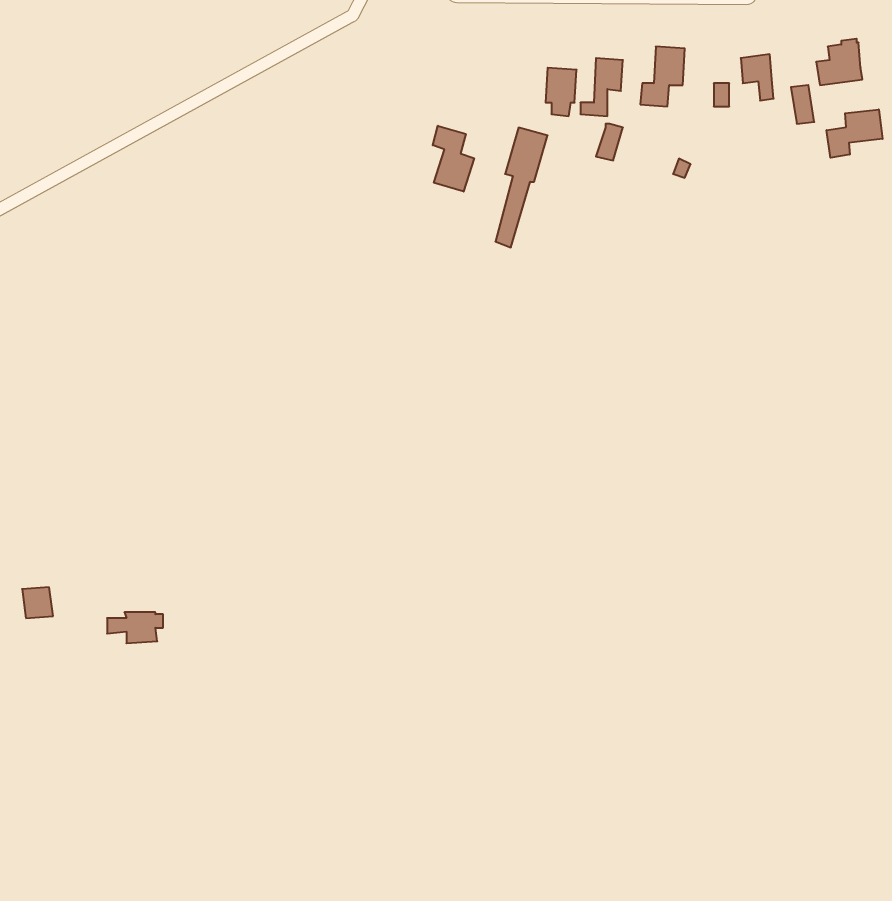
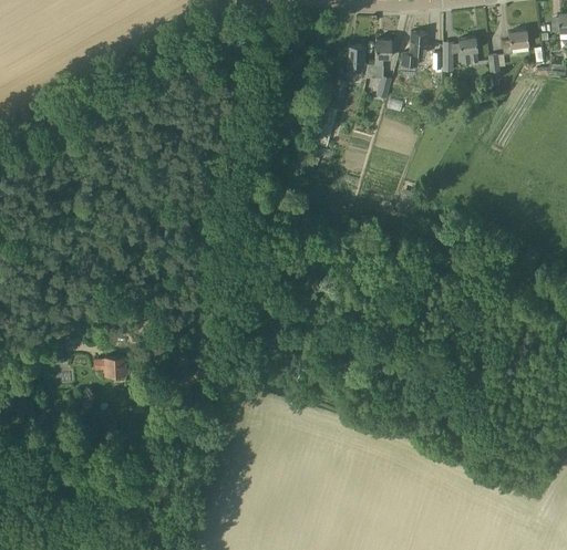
building: [827,109,883,158] -> none
building: [433,126,474,192] -> none

